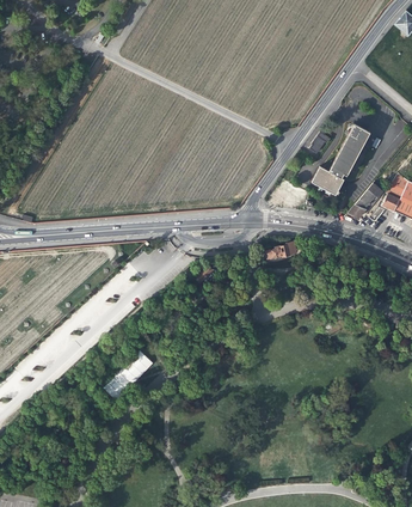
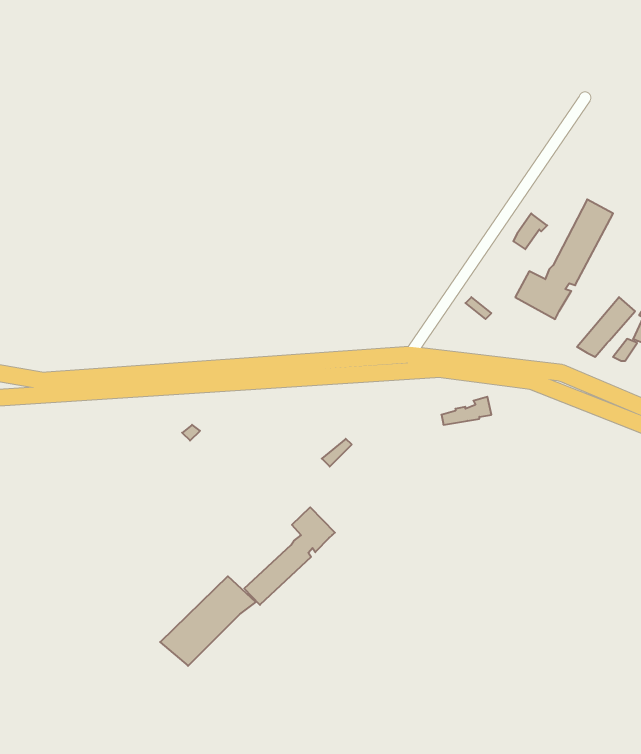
building: none -> [244,507,335,605]

